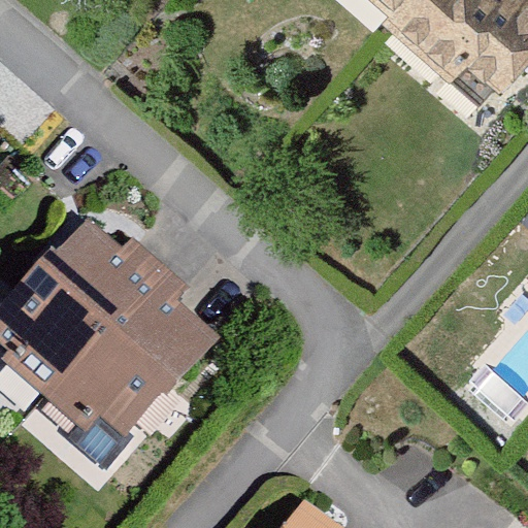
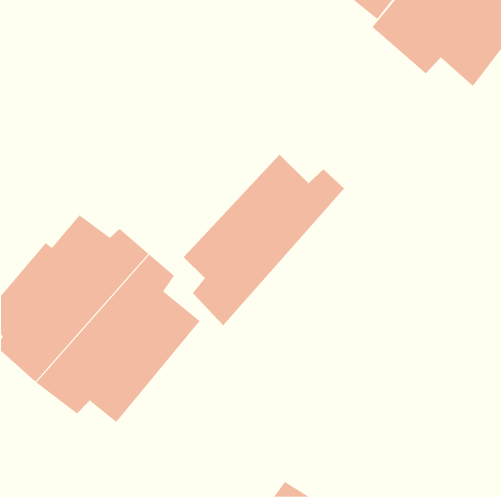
building: none -> [183,154,345,326]

